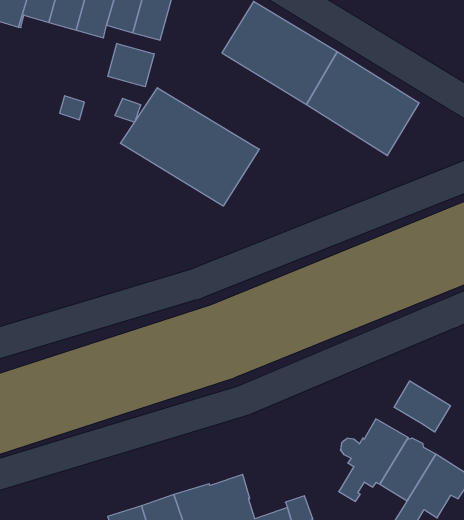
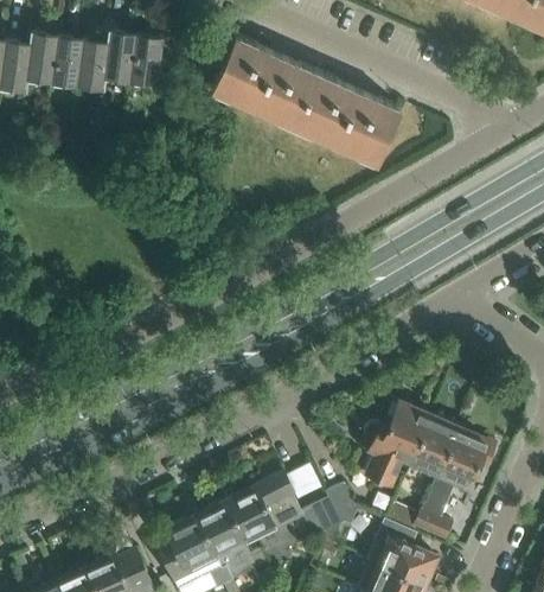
building: [108,43,154,87] -> none
building: [120,88,259,206] -> none
building: [394,381,450,432] -> none

